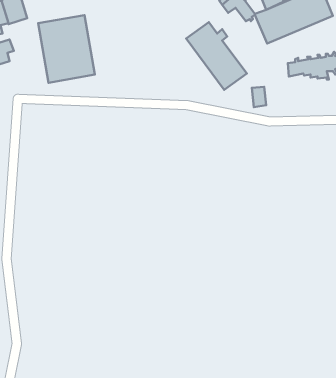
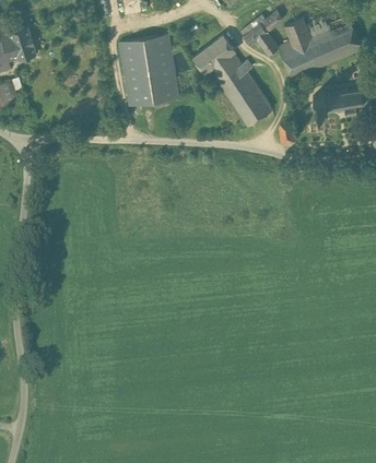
building: none -> [190,36,234,75]
building: [38,15,95,83] -> [116,37,176,109]

